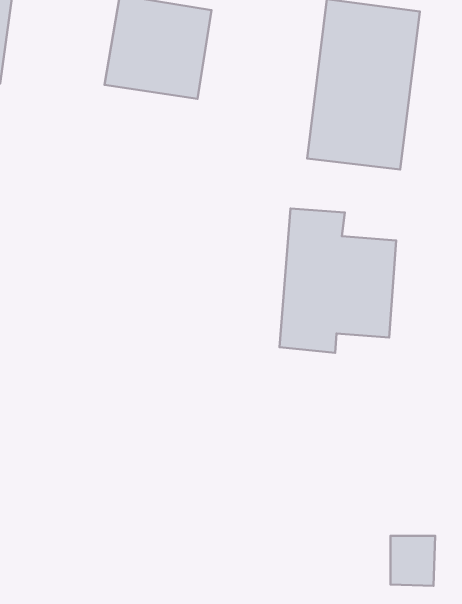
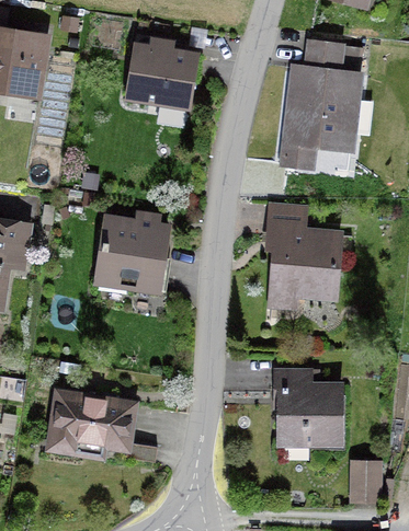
building: none -> [89,212,174,302]
building: none -> [275,383,350,450]
building: none -> [43,388,134,461]

